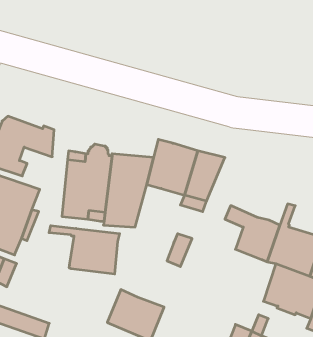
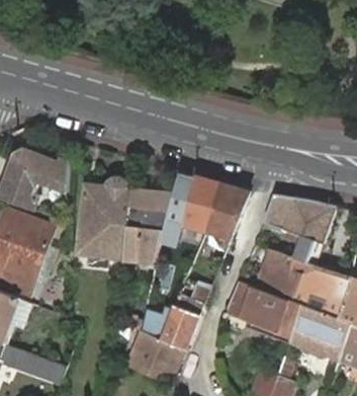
building: none -> [263,194,336,263]
building: [49,226,120,274] -> none
building: none -> [225,282,302,343]
building: none -> [158,306,199,349]

